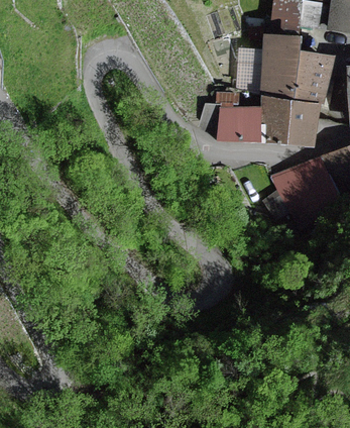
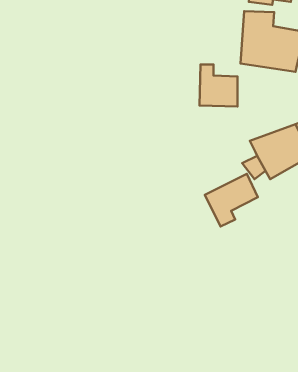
building: [263,97,318,145] -> none
building: none -> [205,174,258,226]

